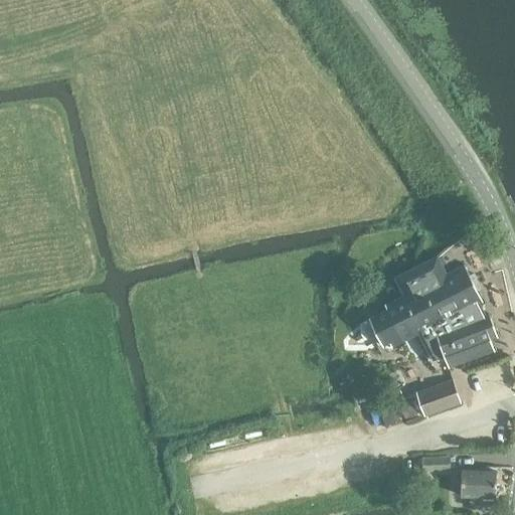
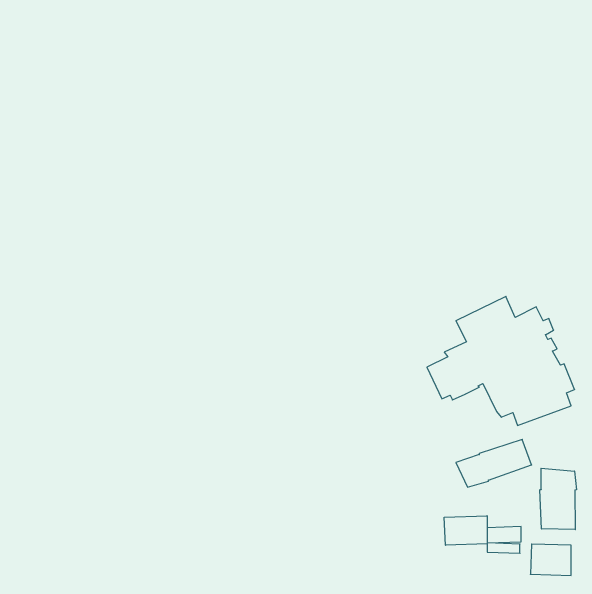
building: none -> [540,468,576,530]
building: none -> [444,516,487,545]

